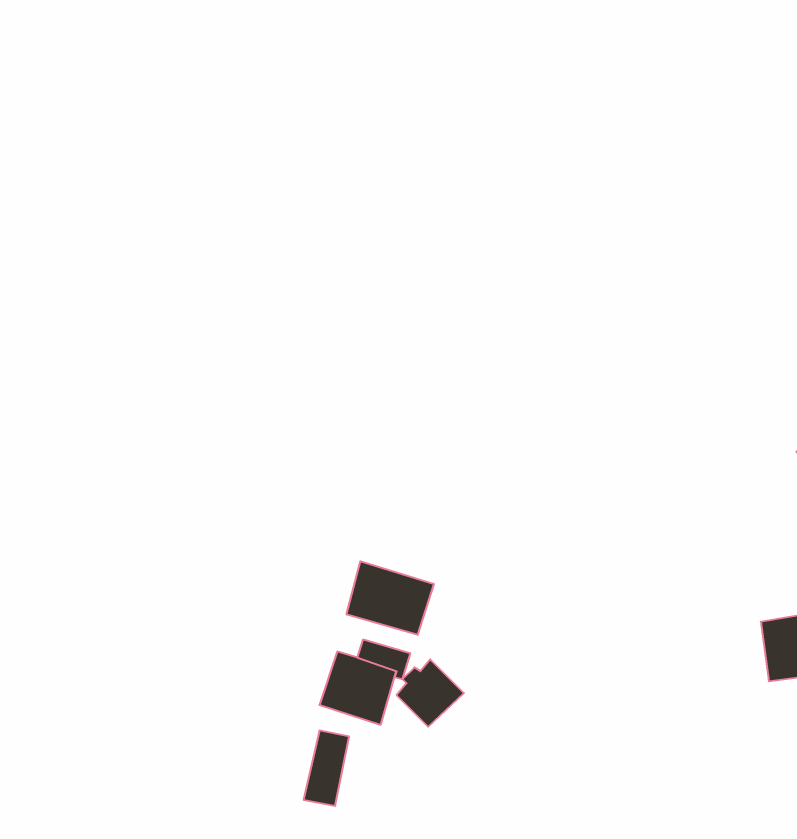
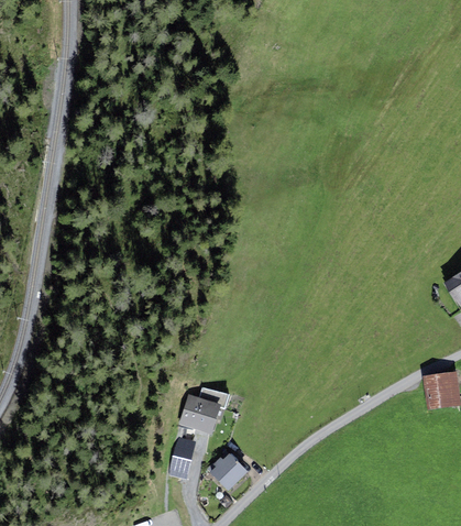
building: [347,561,434,635] -> none
building: [397,659,464,727] -> [210,453,248,491]

